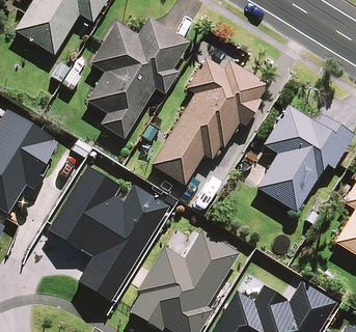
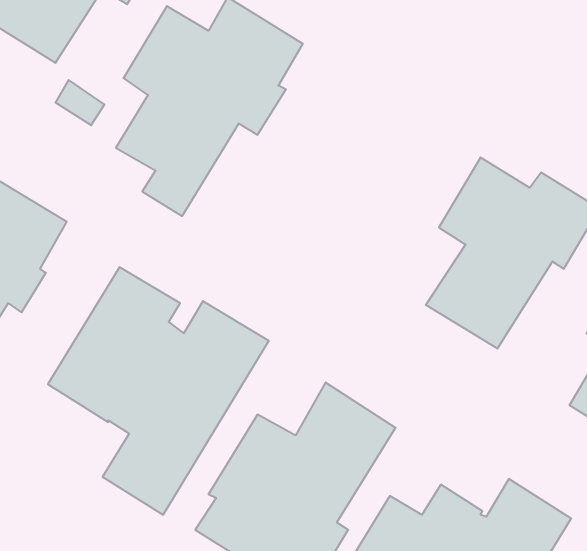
building: [150,55,268,185] -> none

